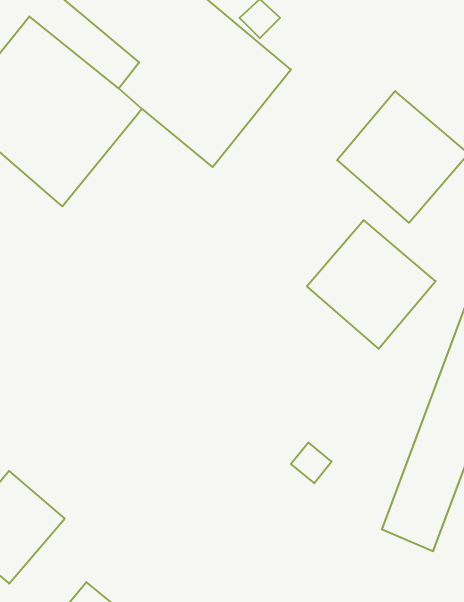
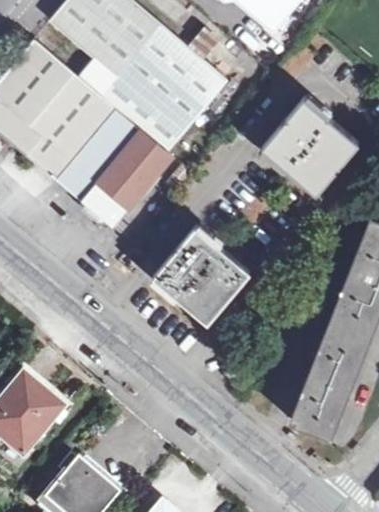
building: none -> [58,108,170,234]
building: [307,220,436,349] -> [164,229,259,324]

